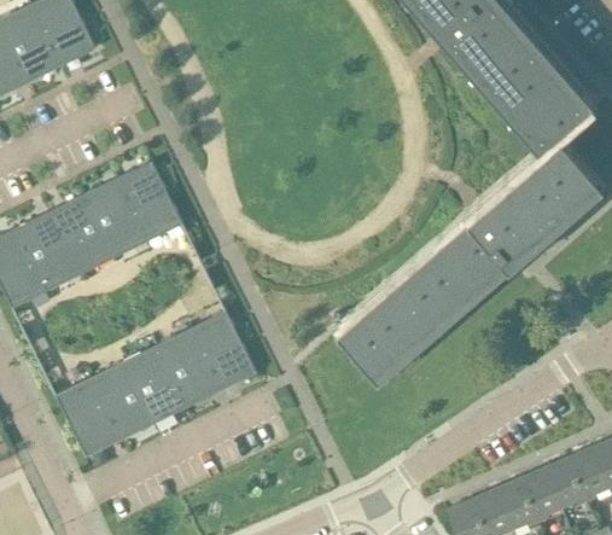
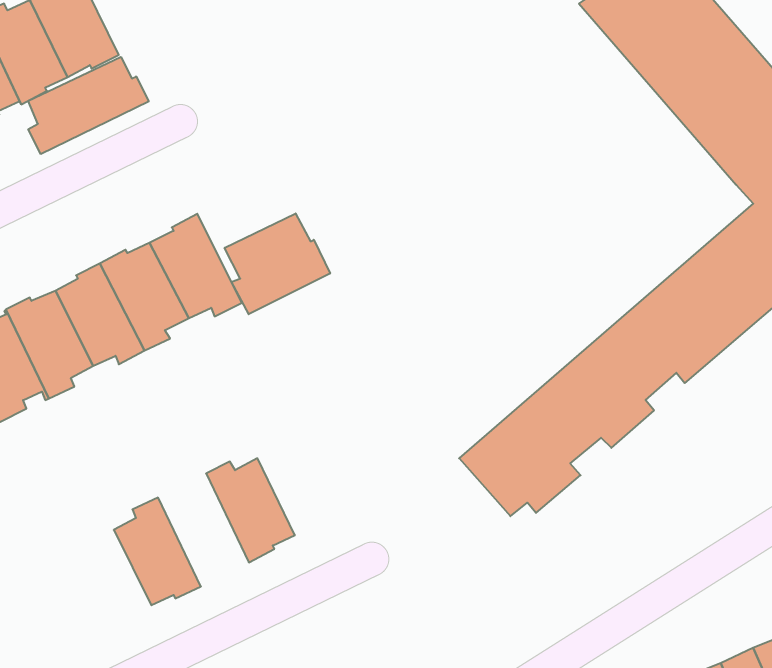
building: none -> [28,57,149,154]
building: none -> [225,213,330,314]
building: [193,312,256,389] -> none
building: [123,345,187,425] -> none
building: [54,385,118,459] -> none

